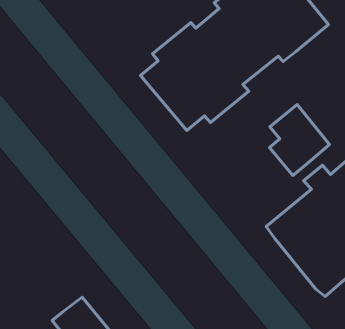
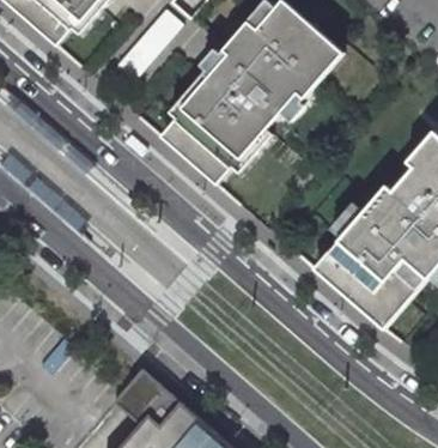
building: [269,104,329,175] -> none

